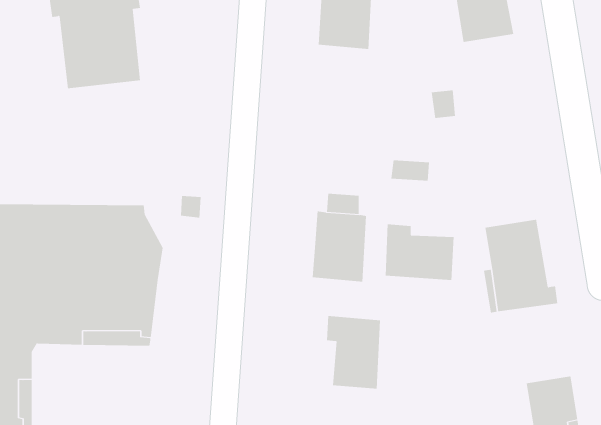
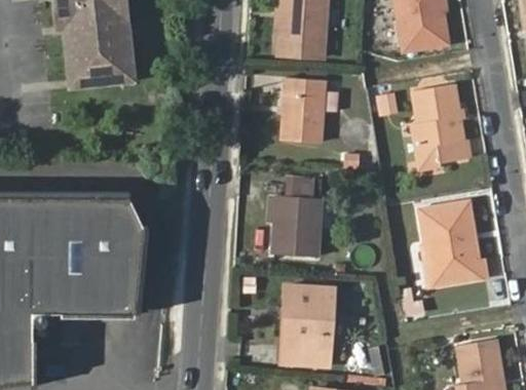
building: none -> [284,79,325,142]
building: none -> [413,86,465,170]
building: [385,223,454,281] -> none
building: none -> [281,308,330,366]

